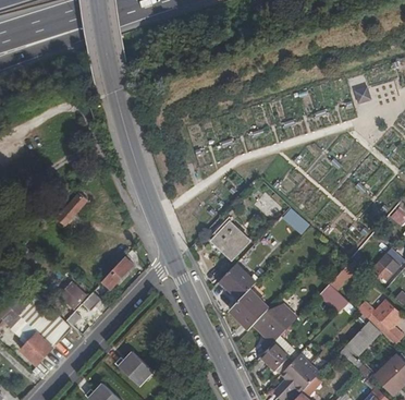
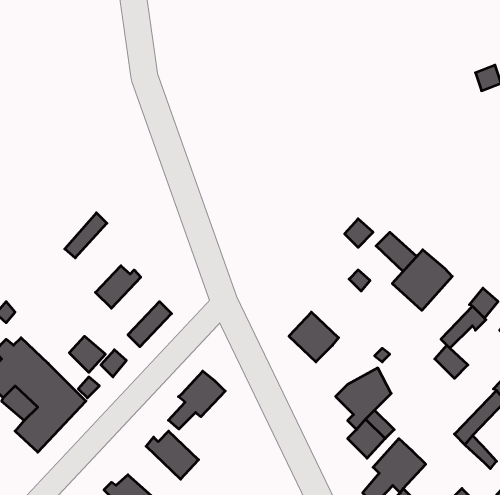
building: [210,218,248,260] -> none
building: none -> [392,250,452,310]
building: none -> [95,266,141,308]
building: [228,289,269,330] -> none
building: none -> [168,371,225,429]

